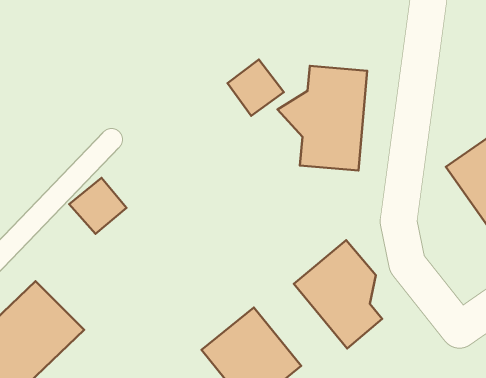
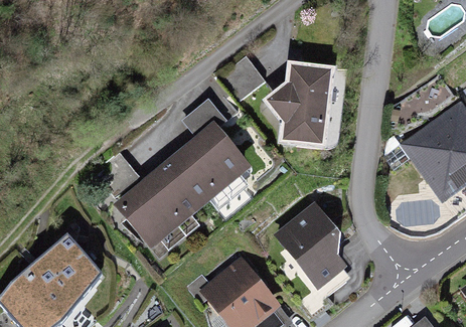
building: none -> [115,98,254,249]

